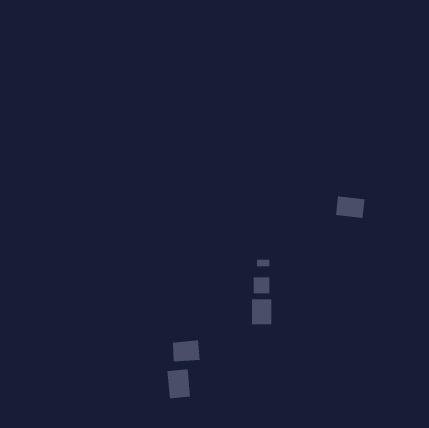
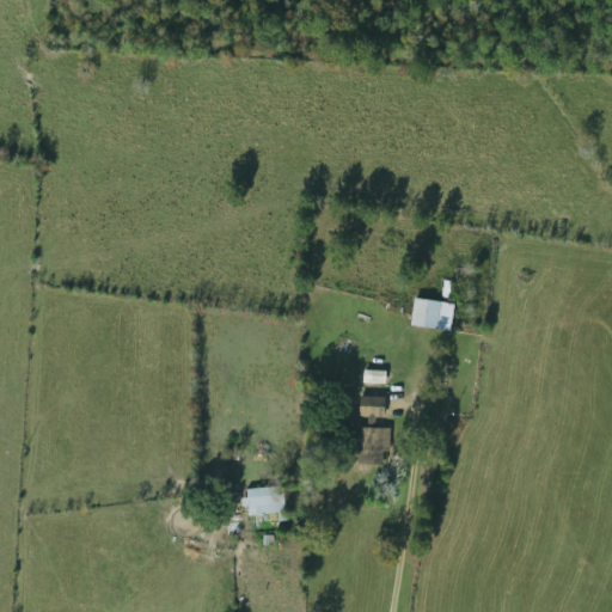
building: [335,196,366,218] -> [411,296,454,329]
building: [167,369,191,399] -> none

